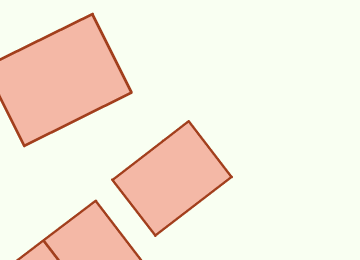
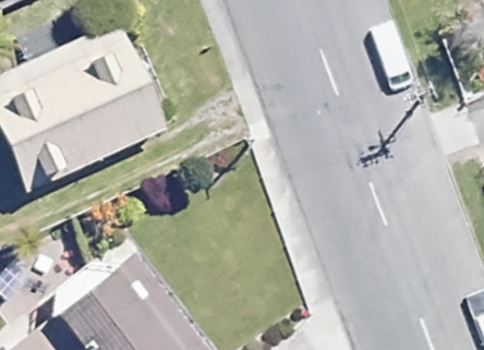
building: [112,121,232,236] -> none

